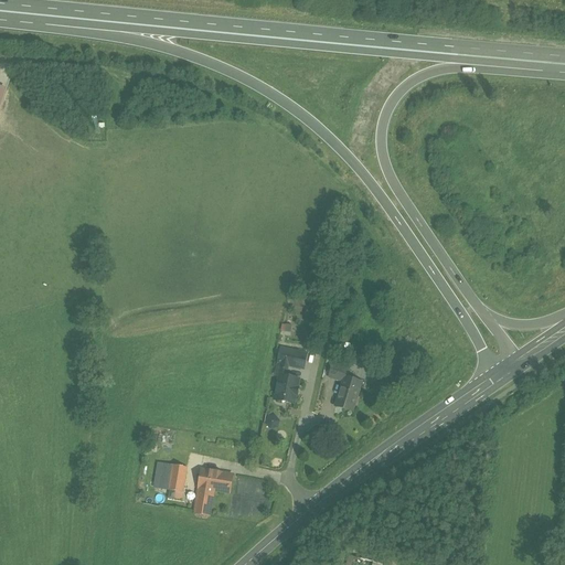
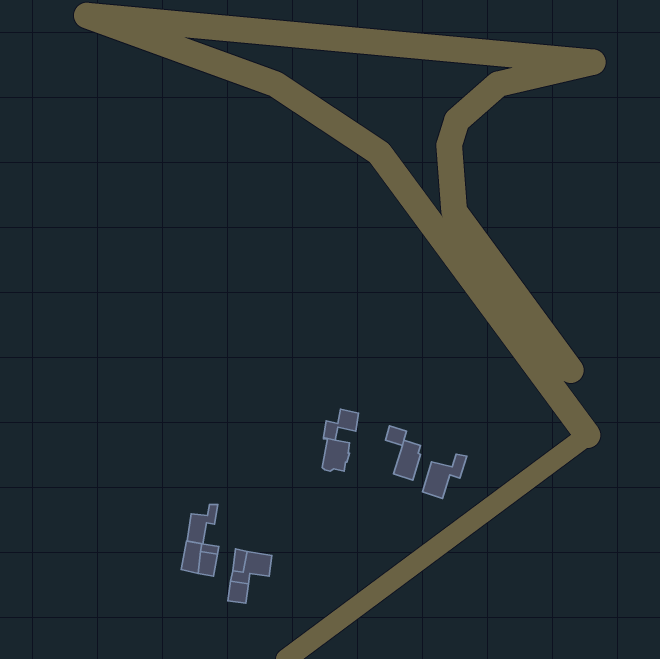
building: none -> [423,454,467,499]
building: none -> [187,504,218,544]

